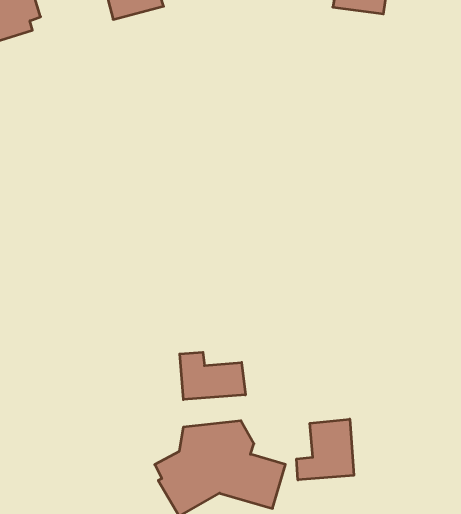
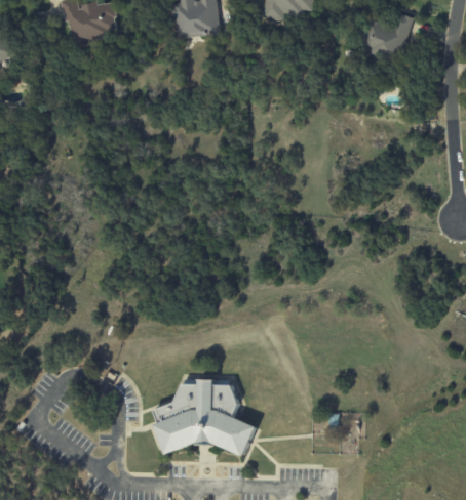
building: [180,352,245,400] -> none
building: [297,419,354,480] -> none

